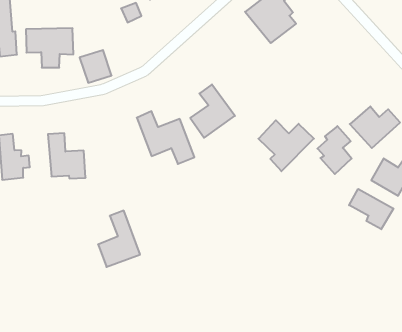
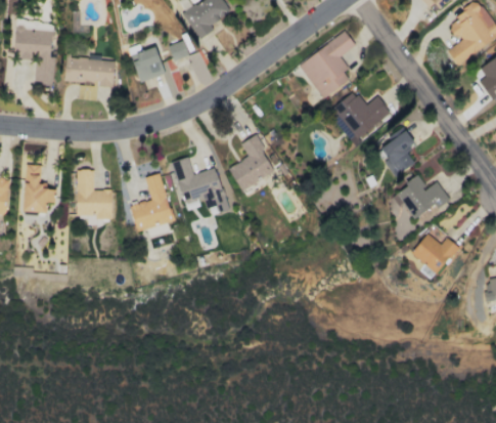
building: [80,50,112,83] -> [133,48,165,81]
building: [258,120,314,171] -> [333,90,392,144]
building: [317,126,352,174] -> [380,127,416,177]
building: [349,189,393,229] -> none
building: [98,211,140,267] -> [131,173,174,230]

